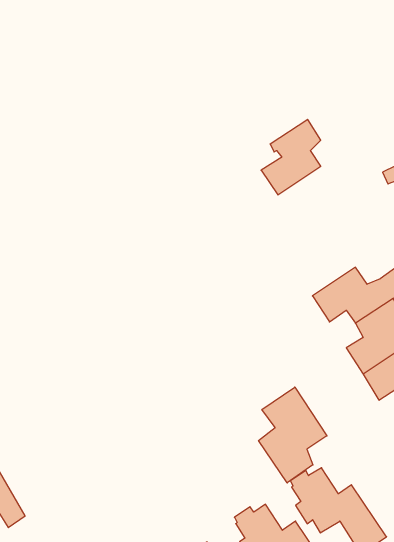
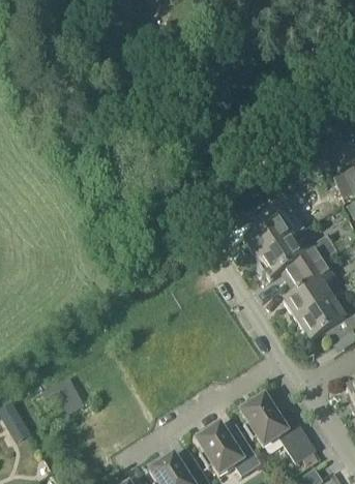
building: [261,119,321,195] -> [244,198,292,258]
building: [259,387,327,483] -> none
building: none -> [42,375,84,413]

